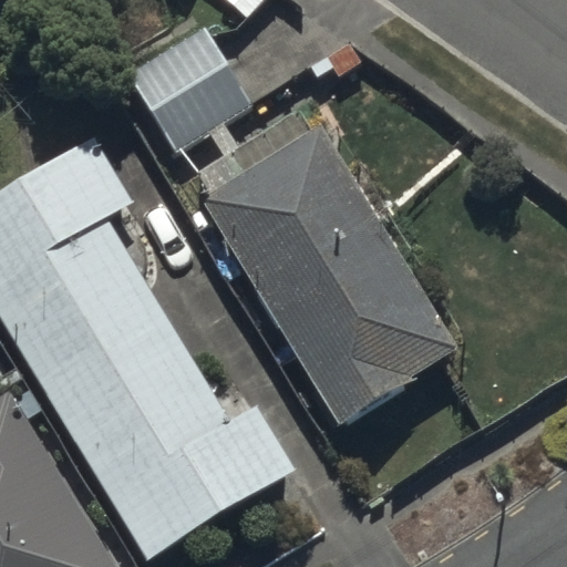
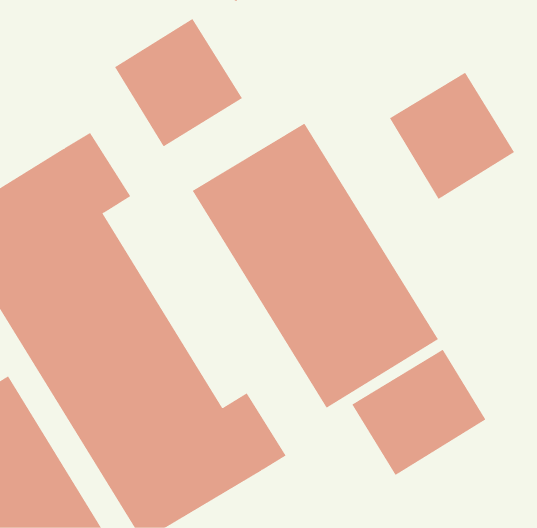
building: none -> [389,72,515,200]
building: none -> [352,349,486,476]

